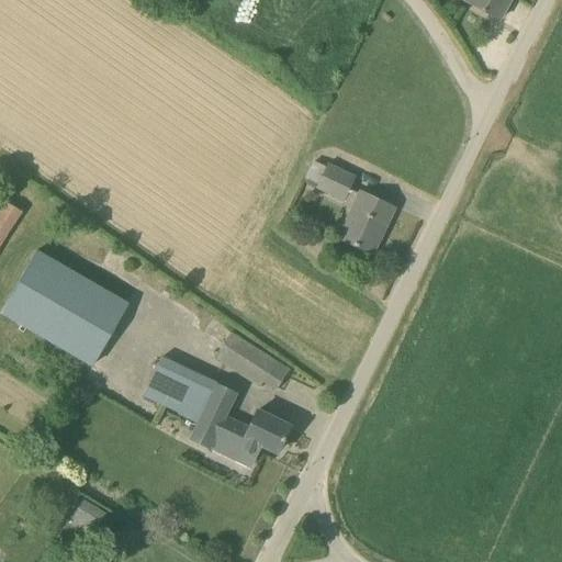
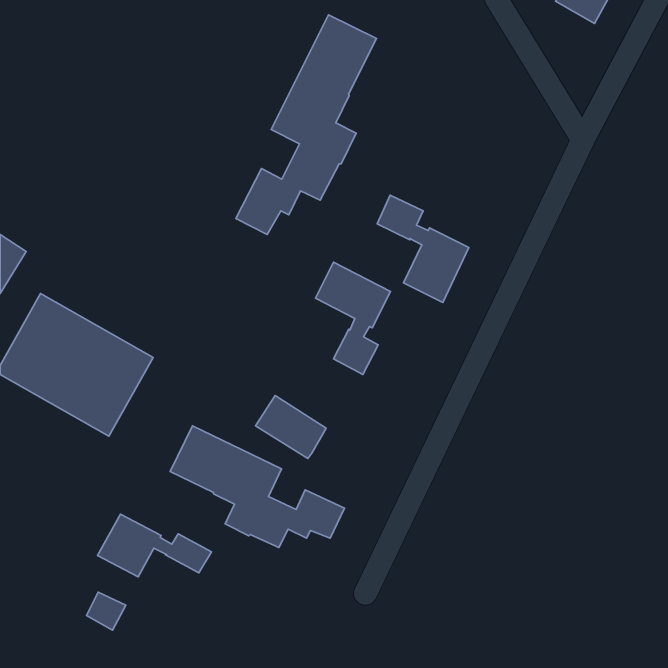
building: none -> [236,15,376,234]
building: none -> [315,262,390,375]
building: none -> [97,514,211,577]

